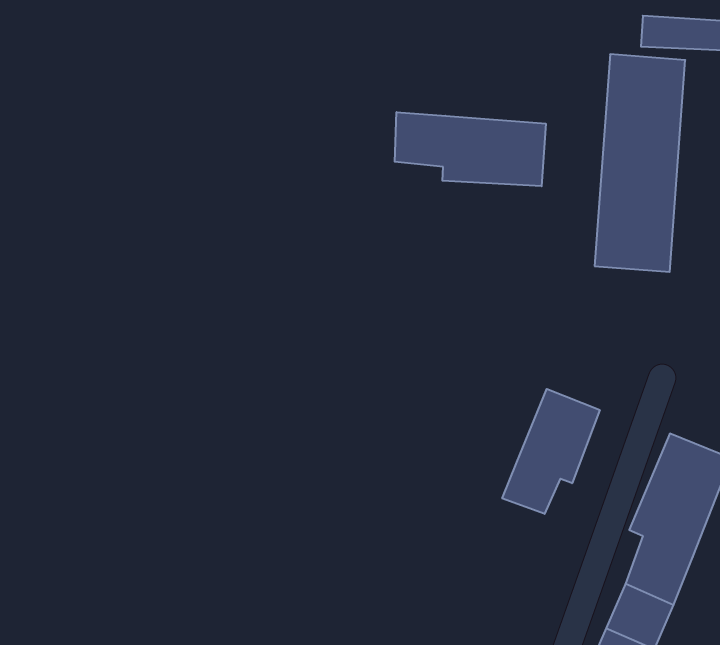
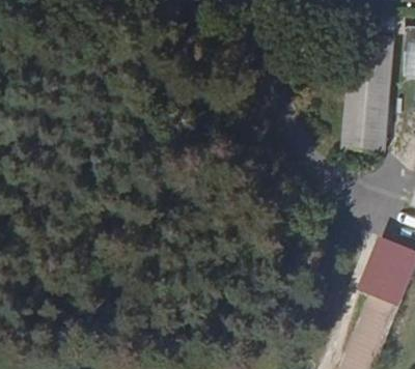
building: [395,112,546,186] -> none
building: [502,389,600,514] -> none

